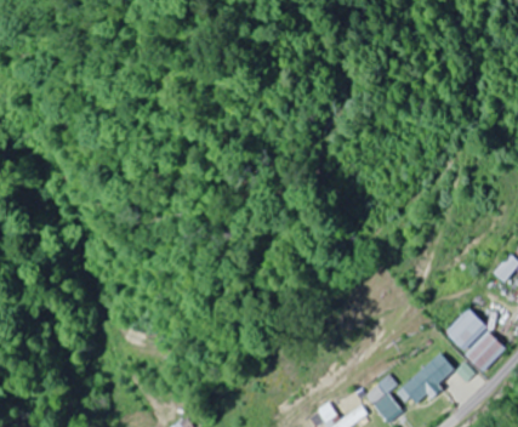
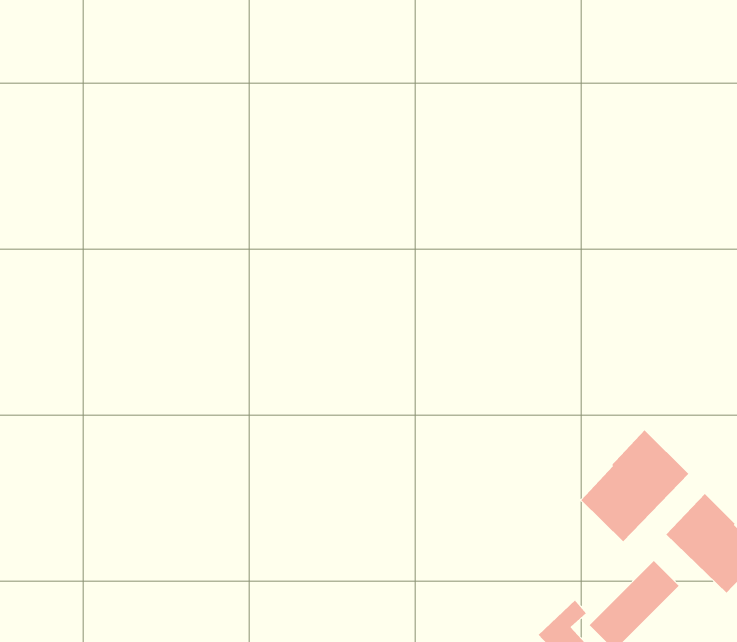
building: none -> [580,430,689,542]

